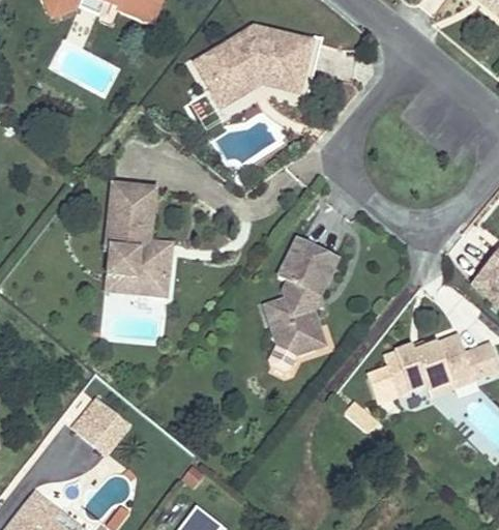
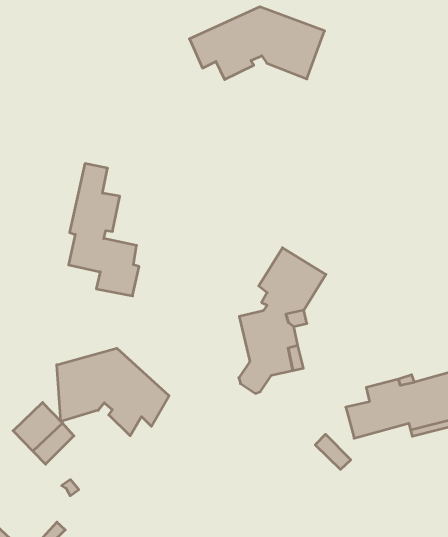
building: [208,68,302,107] -> none
building: [130,183,173,268] -> none
building: none -> [57,348,169,436]

